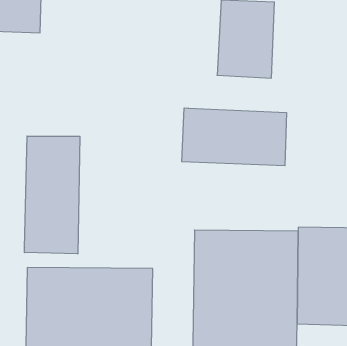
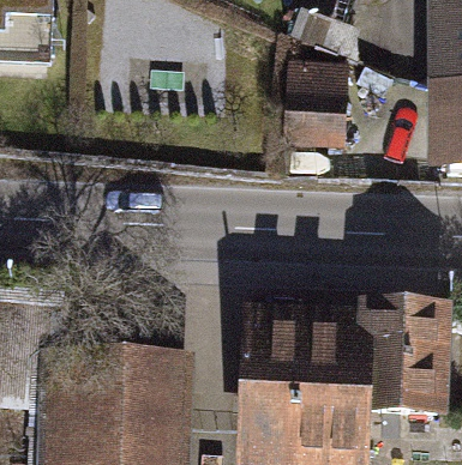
building: [182,108,286,166] -> none
building: [24,136,80,254] -> none

